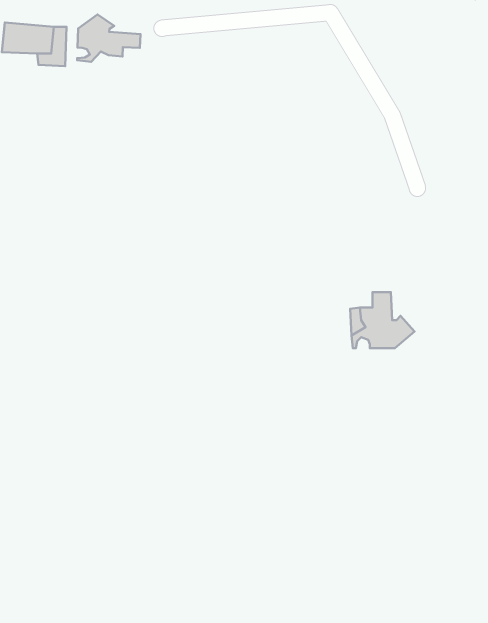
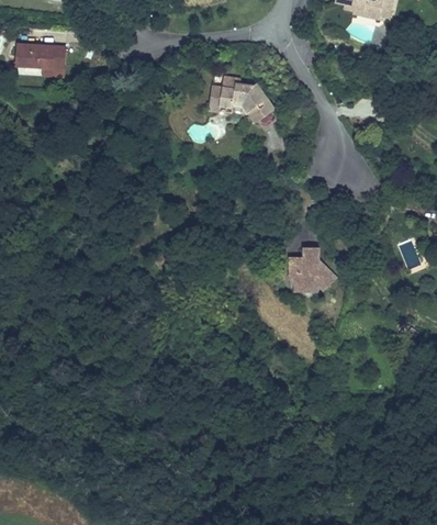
building: [77,15,140,62] -> none
building: none -> [209,71,273,115]

